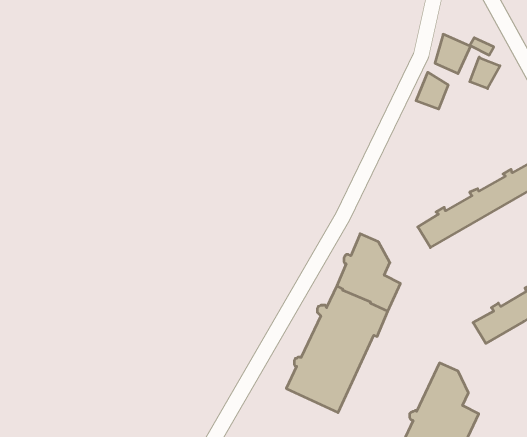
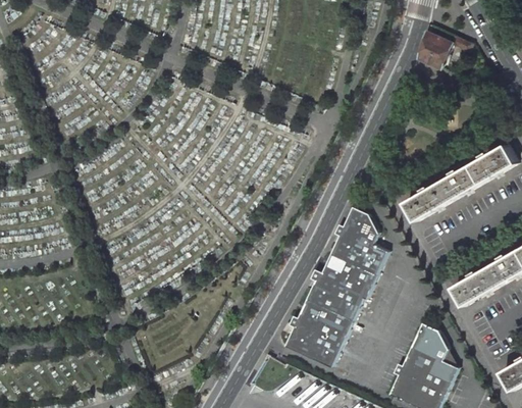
building: [470,57,500,89] -> none
building: [416,72,448,109] -> none

